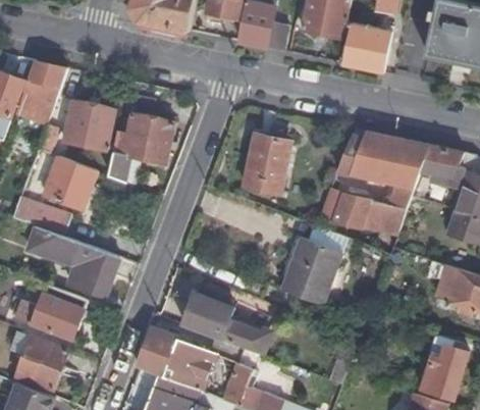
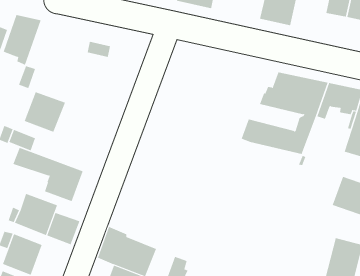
building: [62,100,114,149] -> none
building: [109,113,174,184] -> none
building: [243,135,290,196] -> none
building: [280,239,338,306] -> none
building: [180,292,268,355] -> none
building: none -> [46,212,80,245]

